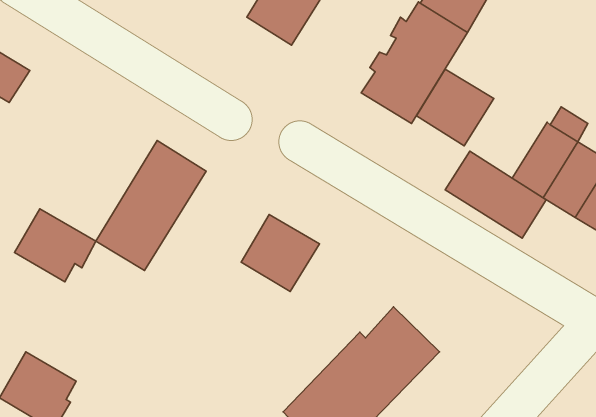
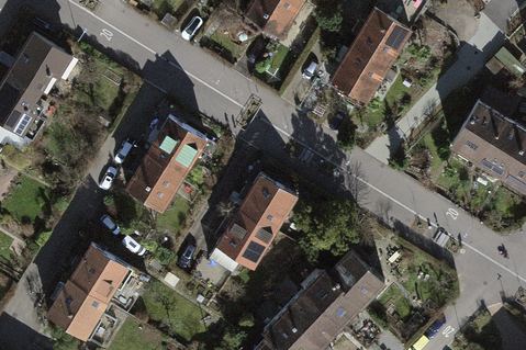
building: [417,69,494,146] -> none
building: [445,151,546,238] -> none
building: [15,209,96,282] -> [66,247,130,304]
building: none -> [213,211,273,270]

